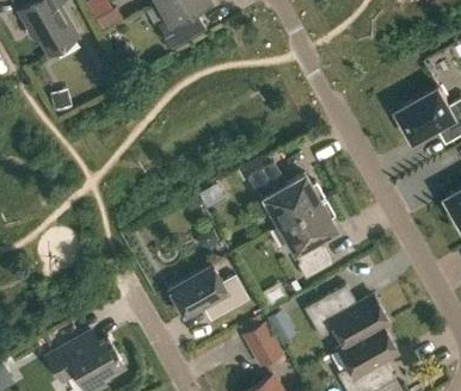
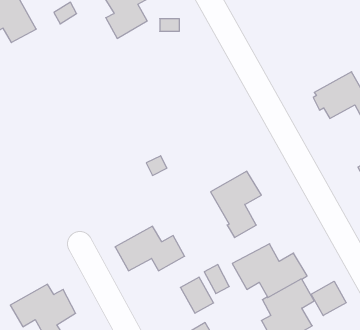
building: [247,162,324,225] -> none
building: none -> [311,281,346,316]

